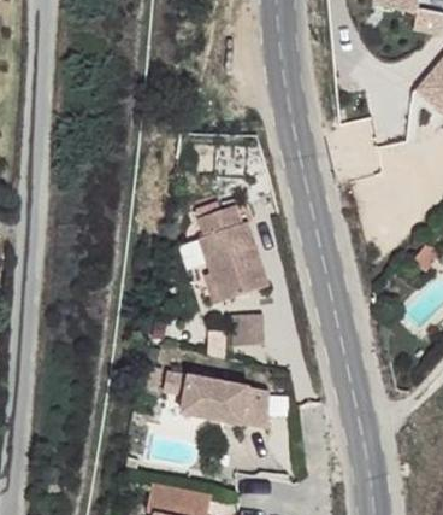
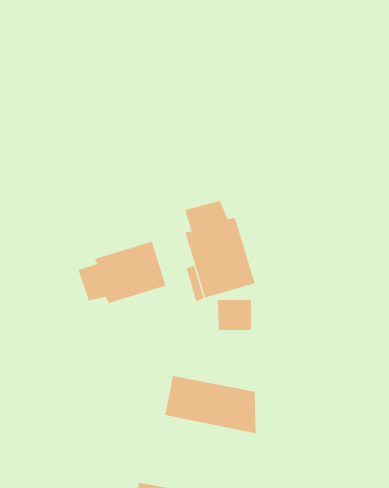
building: none -> [78,241,166,304]

